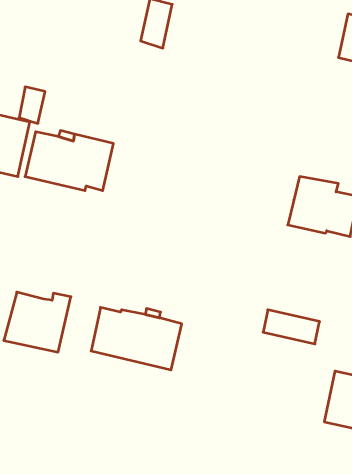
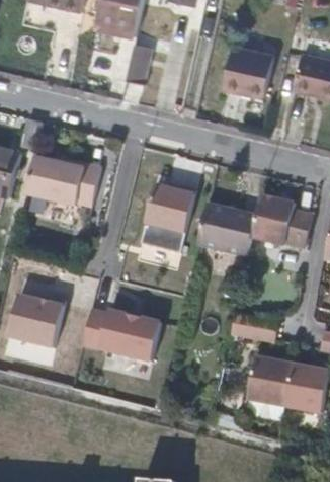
building: none -> [224,50,274,101]
building: none -> [143,183,197,252]
building: none -> [196,204,256,257]
building: none -> [245,355,291,406]

